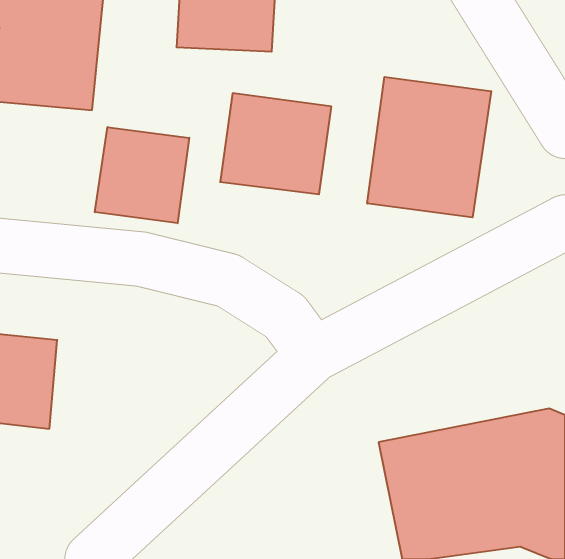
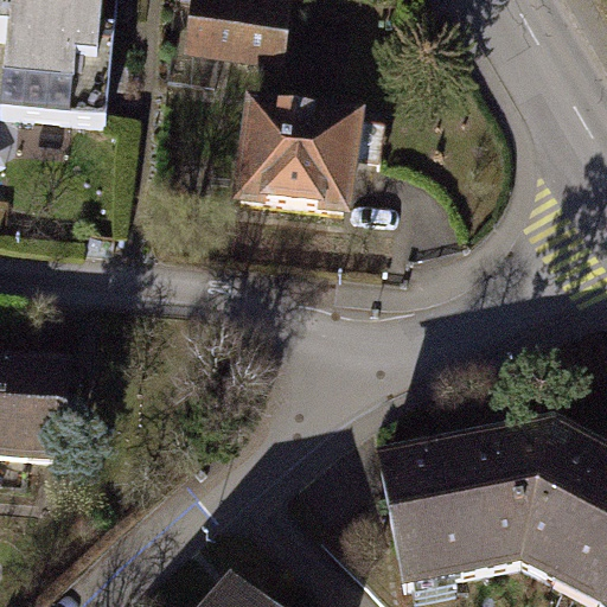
building: [367,77,491,217] -> none
building: [95,127,189,223] -> none

